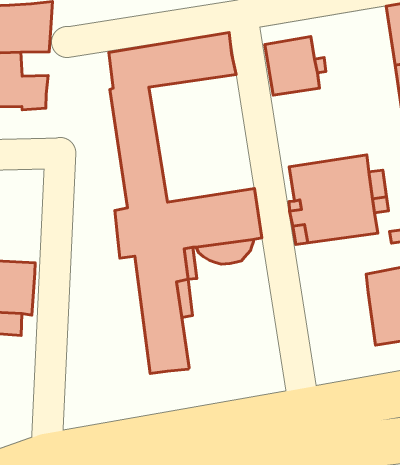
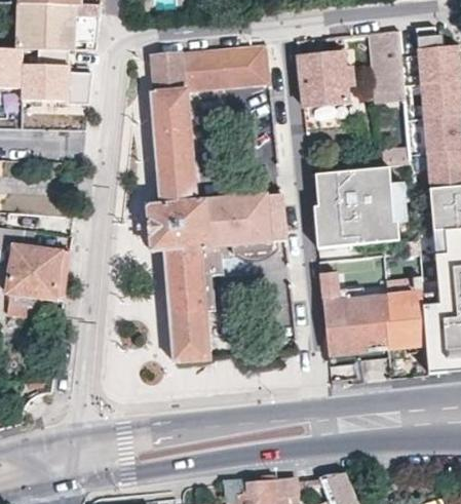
building: none -> [369,30,406,105]
building: none -> [319,261,387,355]

